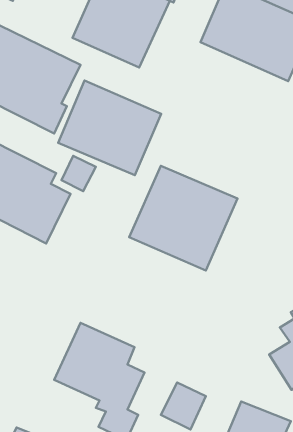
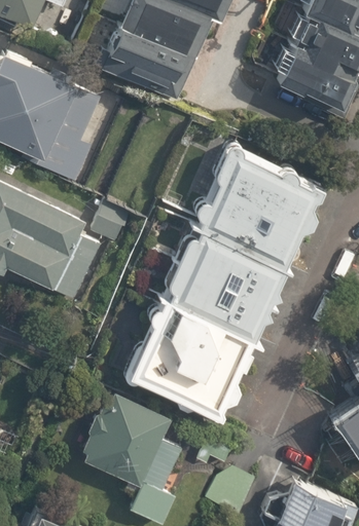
building: [58,81,161,175] -> [201,142,318,250]
building: none -> [129,294,252,416]

